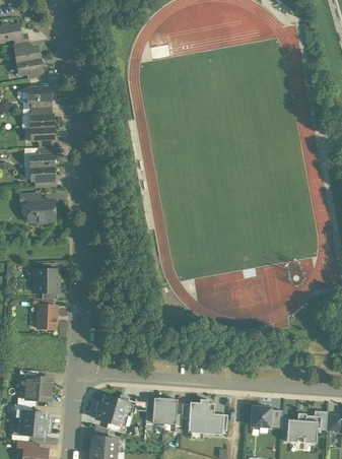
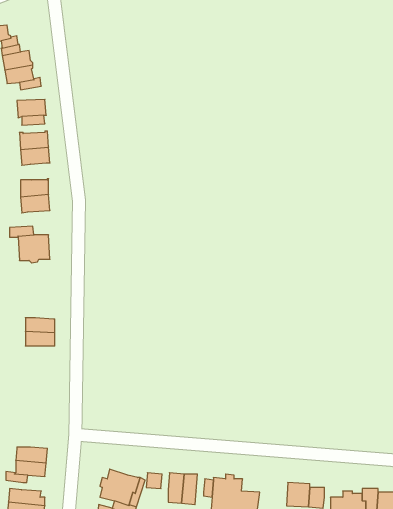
building: [38,304,56,328] -> none

